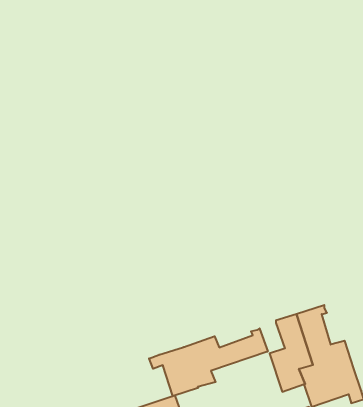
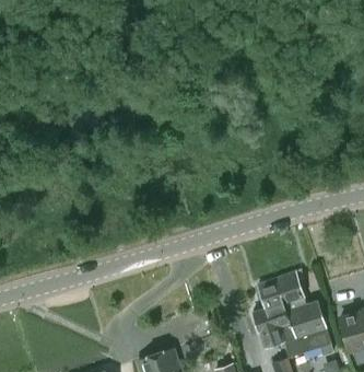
building: [149,328,268,396] -> none

